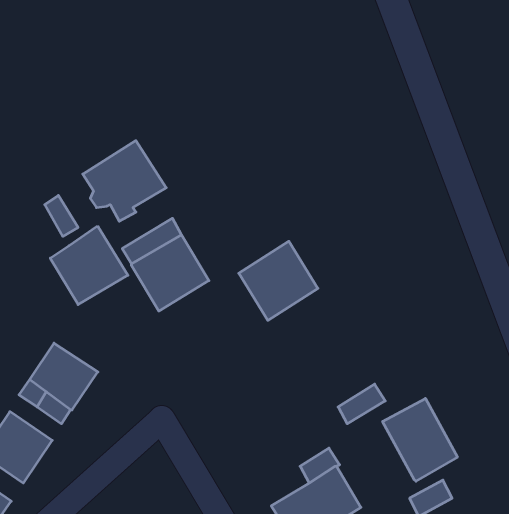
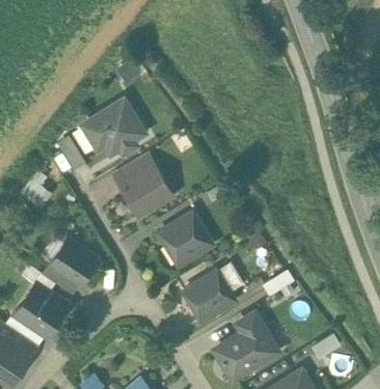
building: [50,227,128,305] -> none
building: [239,241,318,320] -> [158,213,212,267]
building: none -> [183,272,235,323]
building: [383,398,457,481] -> none

